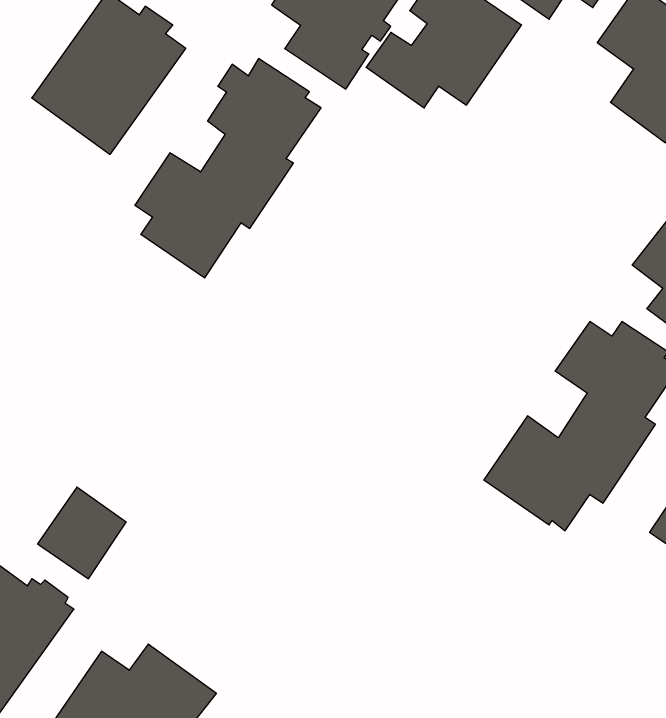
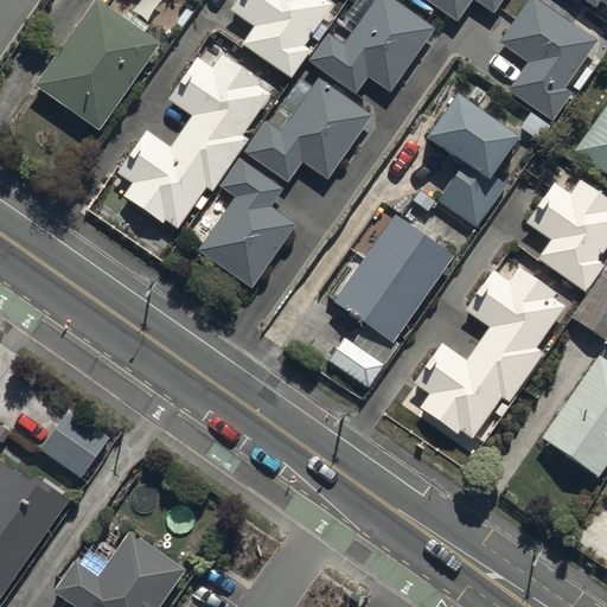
building: none -> [243,78,372,183]
building: none -> [427,100,518,225]
building: none -> [198,156,296,286]
building: none -> [336,217,455,343]

